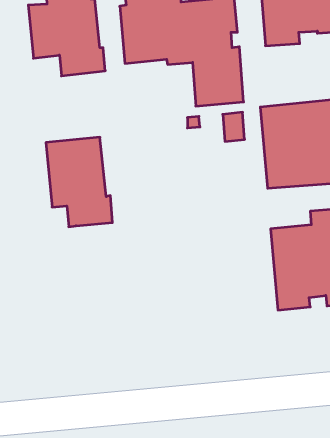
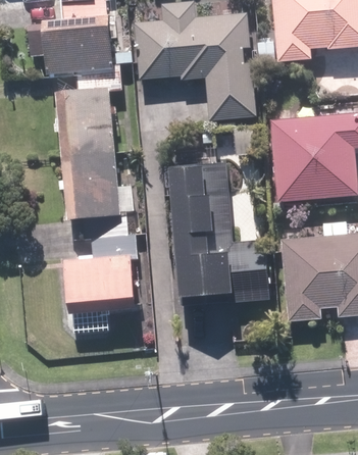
building: none -> [56,86,119,156]
building: none -> [169,162,268,304]
building: none -> [55,236,130,311]

